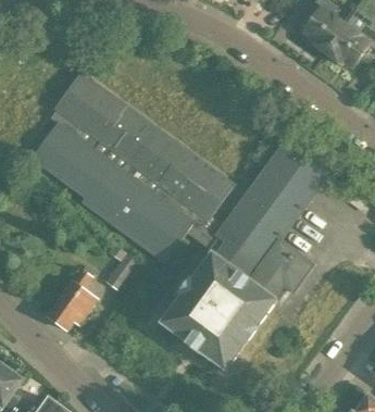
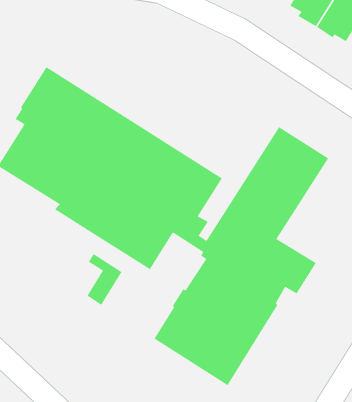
building: [47,267,97,329] -> none

